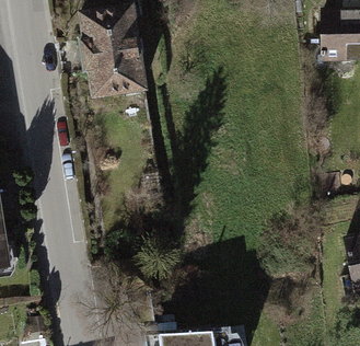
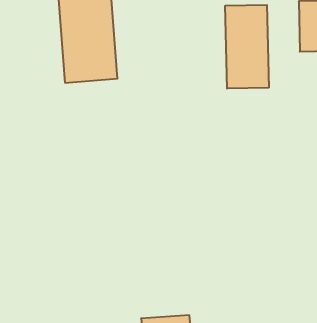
building: none -> [225,5,269,89]

